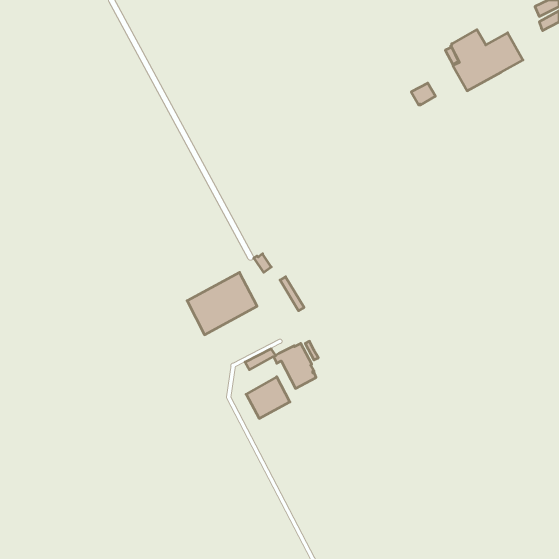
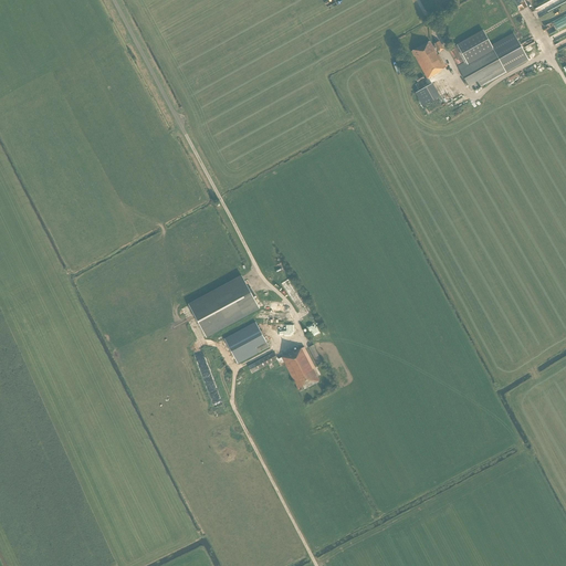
building: none -> [411,41,447,80]
building: [246,377,290,418] -> [224,322,269,364]

